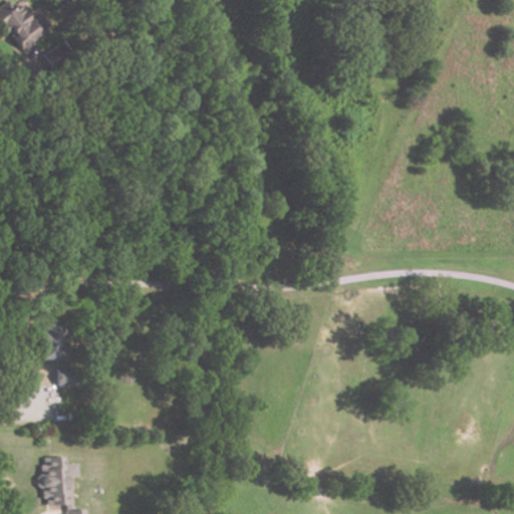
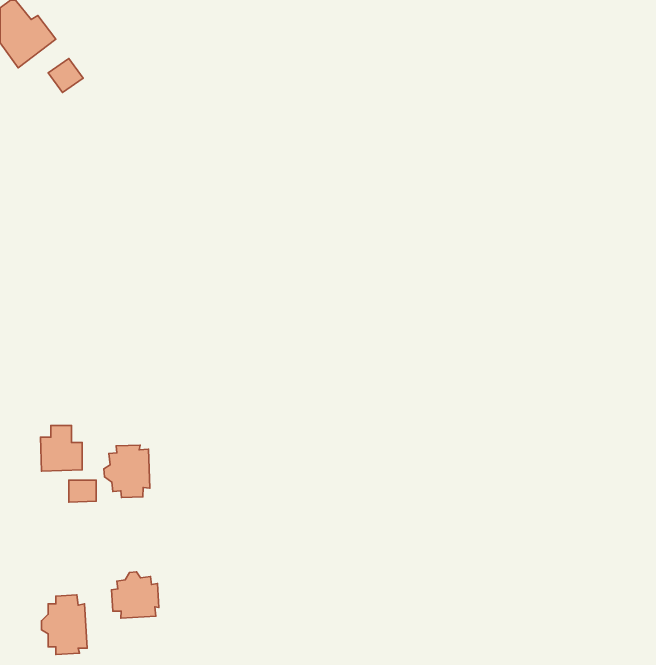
building: none -> [104,445,150,498]
building: none -> [112,572,159,618]

